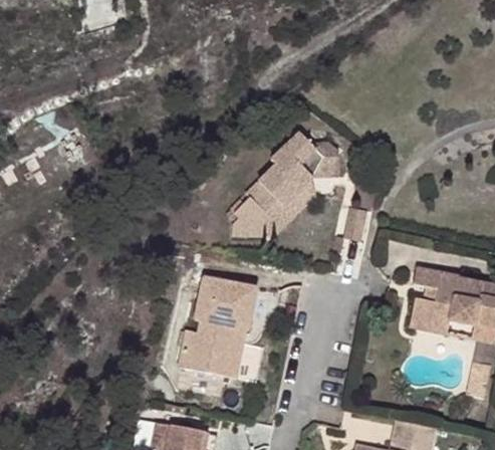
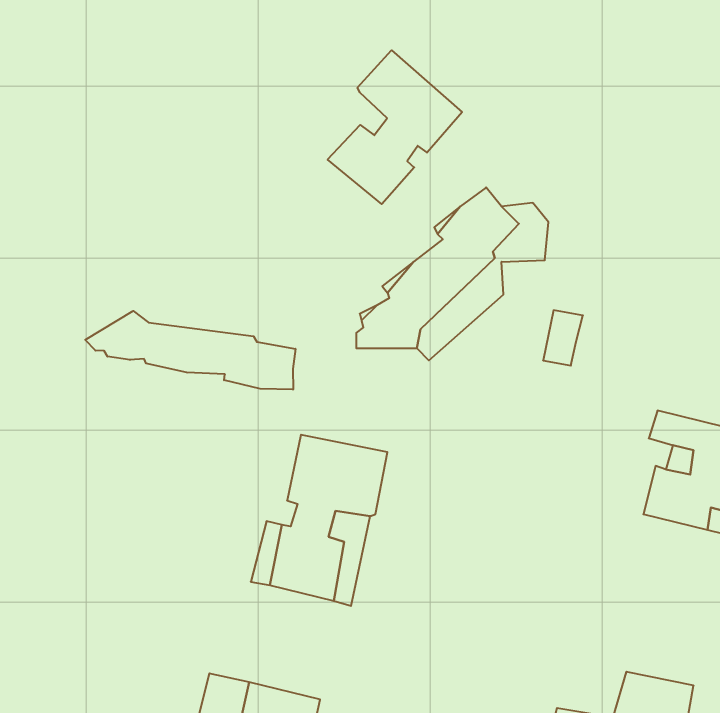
building: none -> [328,50,462,204]
building: none -> [85,311,295,390]

